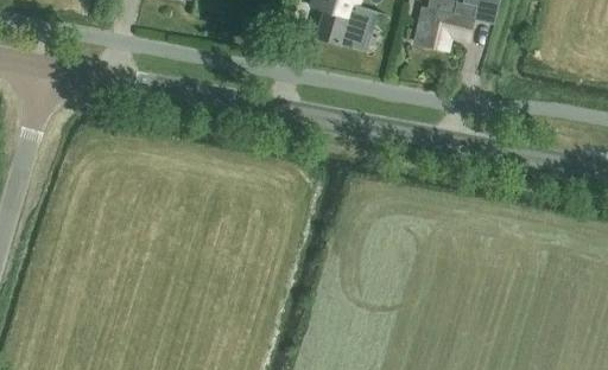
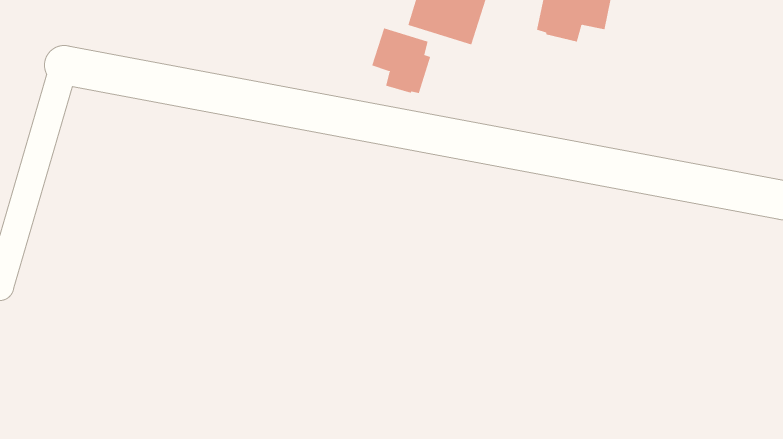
building: none -> [372,28,431,94]

